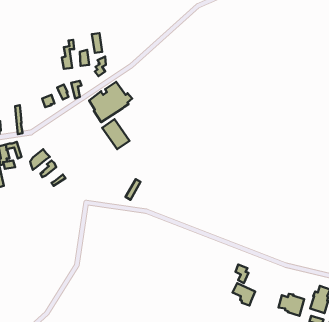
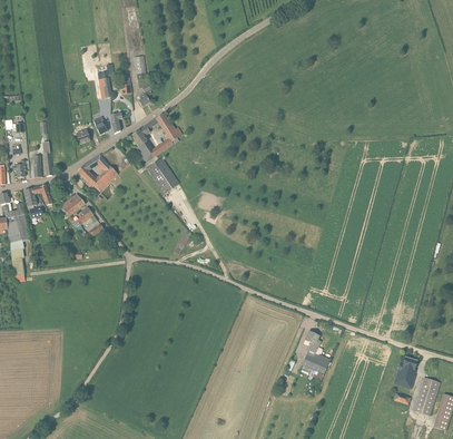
building: none -> [78,155,117,192]
building: [278,294,304,316] -> none

